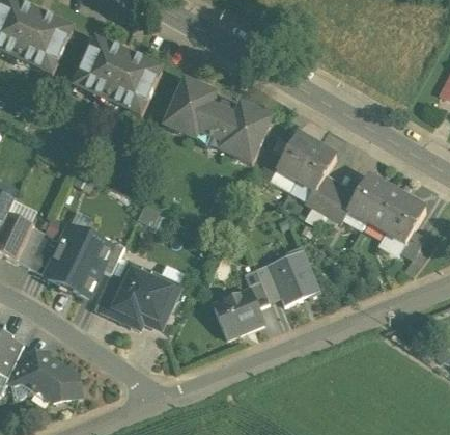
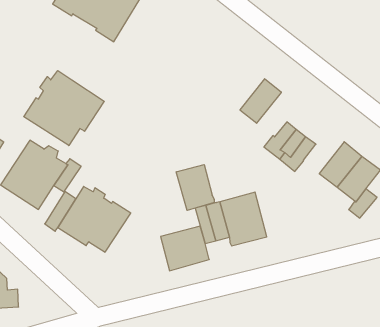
building: [164,79,271,162] -> none
building: [294,143,335,189] -> none
building: none -> [24,71,104,146]
building: [346,174,385,220] -> none
building: none -> [176,165,214,210]

